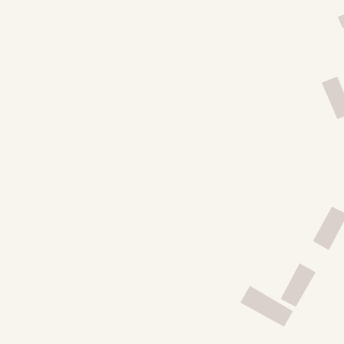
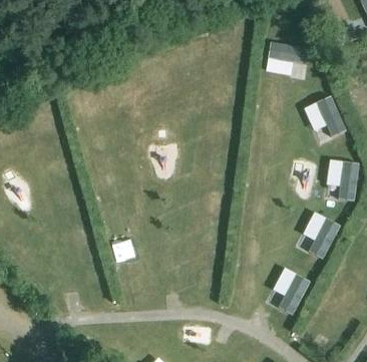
building: none -> [267,43,306,63]
building: [240,285,294,327] -> none

